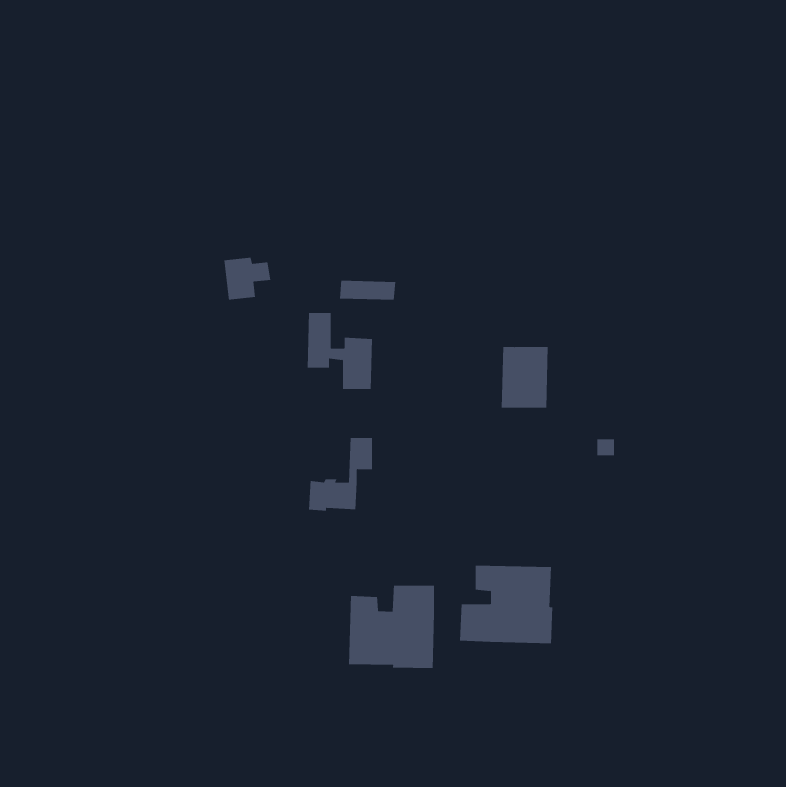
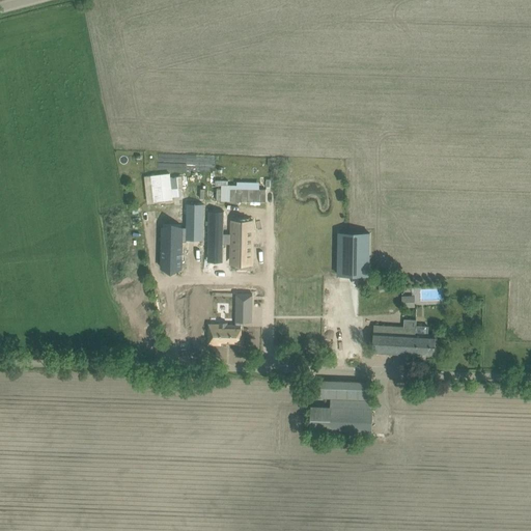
building: none -> [161,203,203,268]
building: none -> [371,319,435,356]
building: [348,585,435,669] -> none

